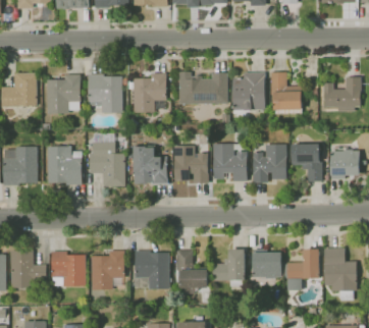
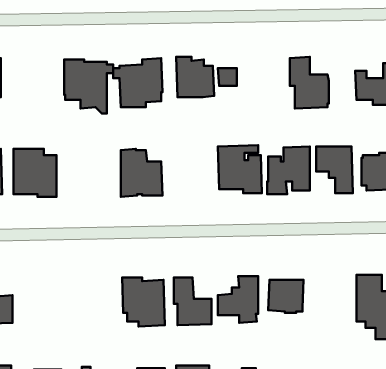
building: [232,71,265,117] -> none
building: [47,74,81,113] -> none
building: [89,142,124,186] -> none
building: [173,145,209,183] -> none
building: [286,249,319,285] -> none
building: [49,251,86,286] -> none
building: [91,251,124,289] -> none

